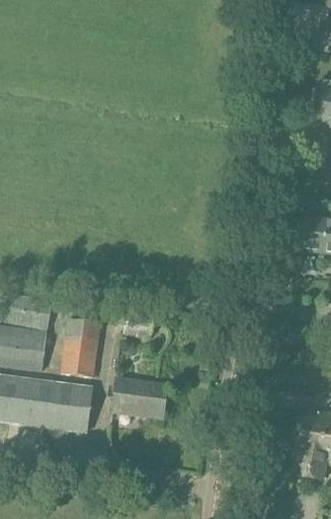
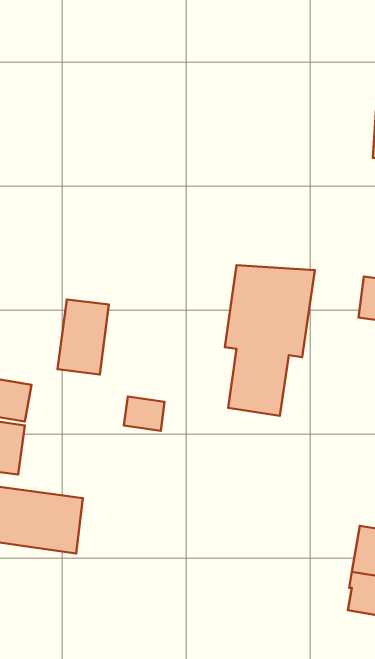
building: none -> [225,265,315,416]
building: [61,319,100,377] -> [57,299,109,375]
building: [112,379,166,417] -> none

